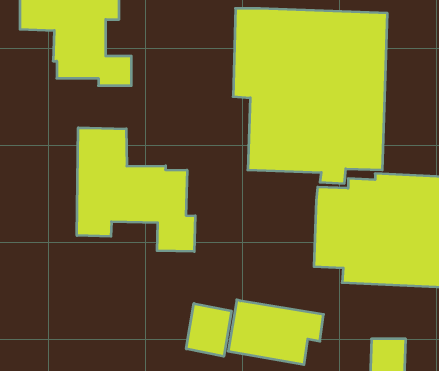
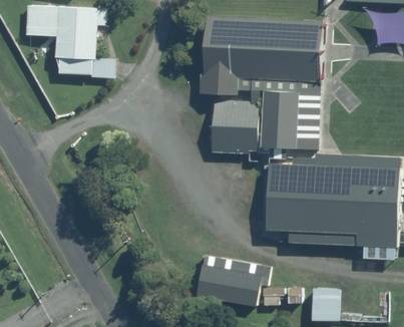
building: [77,128,195,252] -> none
building: [186,303,231,356] -> none

